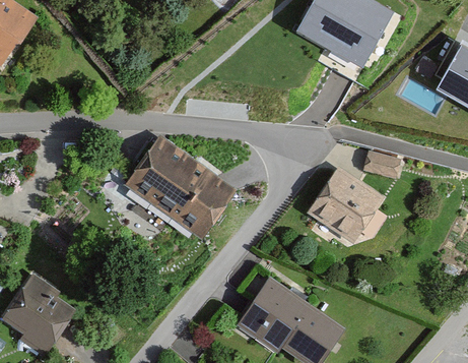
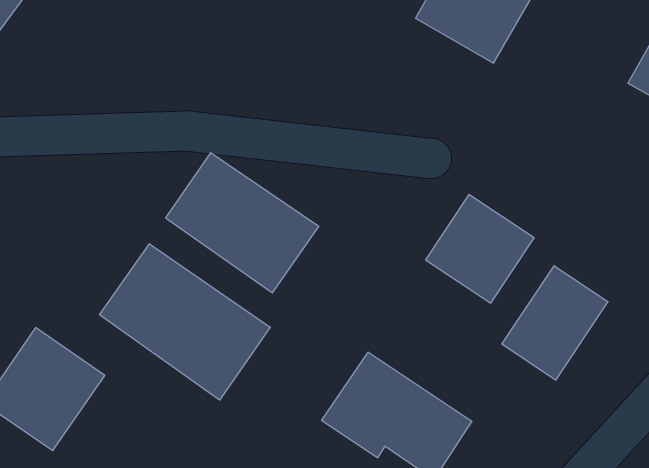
building: none -> [100,244,270,400]
building: none -> [502,266,608,380]

